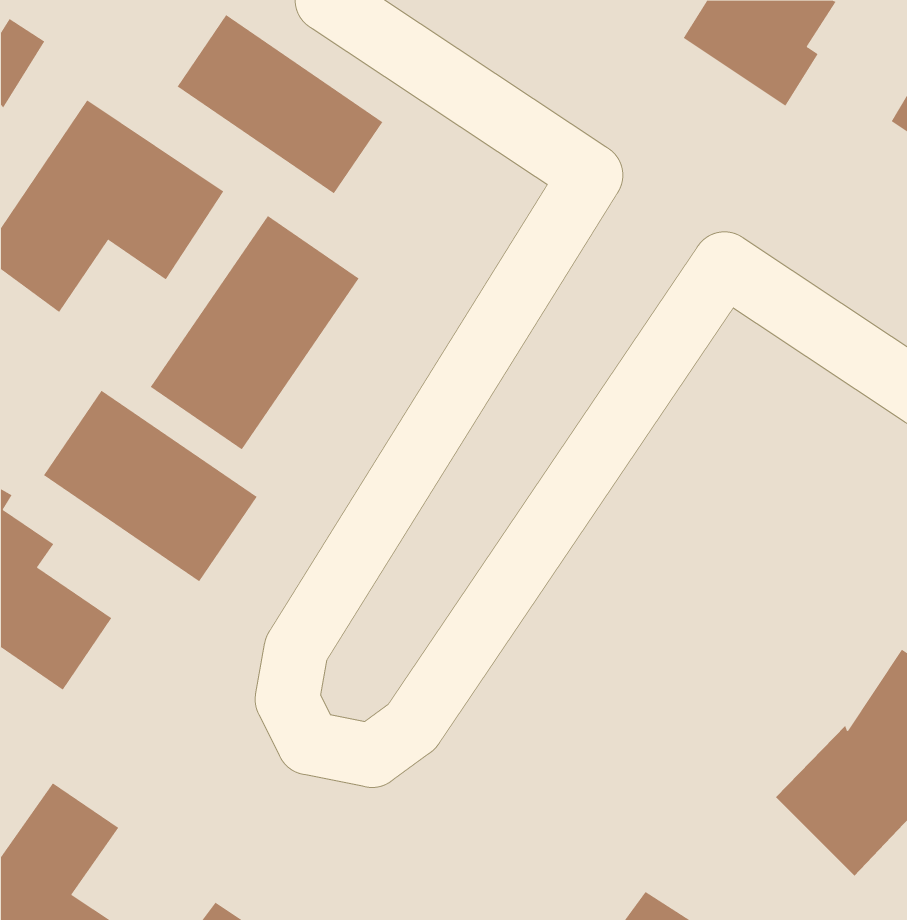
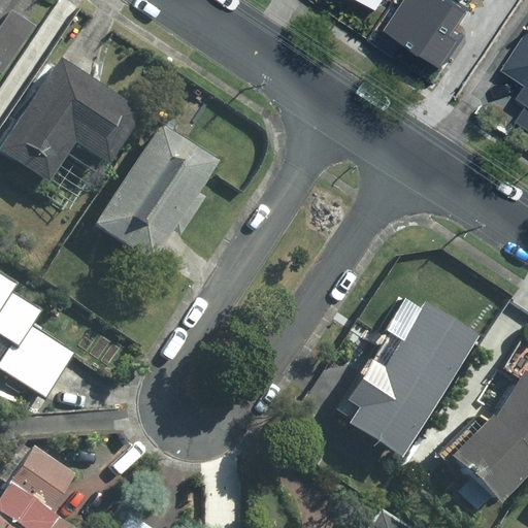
building: [177,14,383,194] -> none
building: [43,390,258,582] -> none
building: none -> [345,303,475,456]

